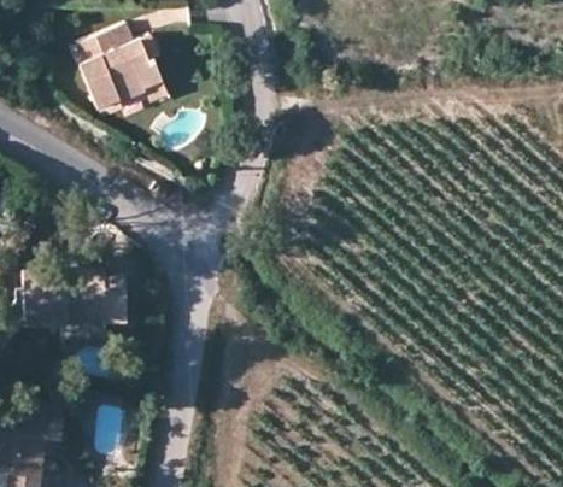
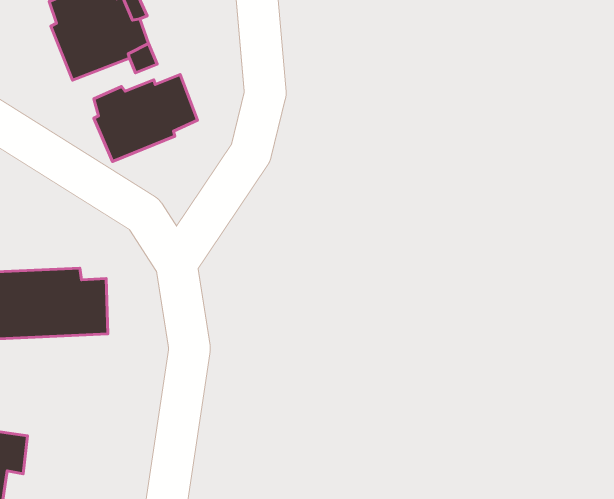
building: none -> [94,74,198,161]

